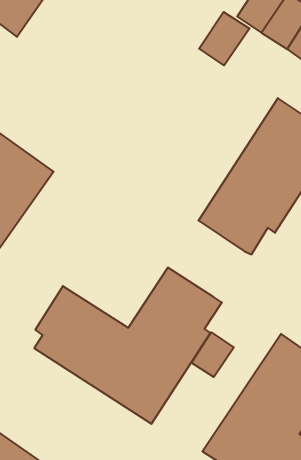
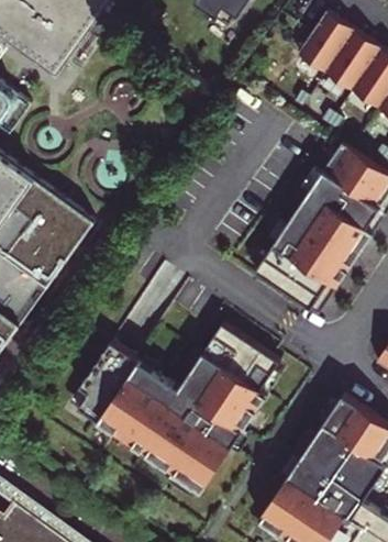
building: [199,12,250,65] -> none
building: [192,332,234,377] -> none

